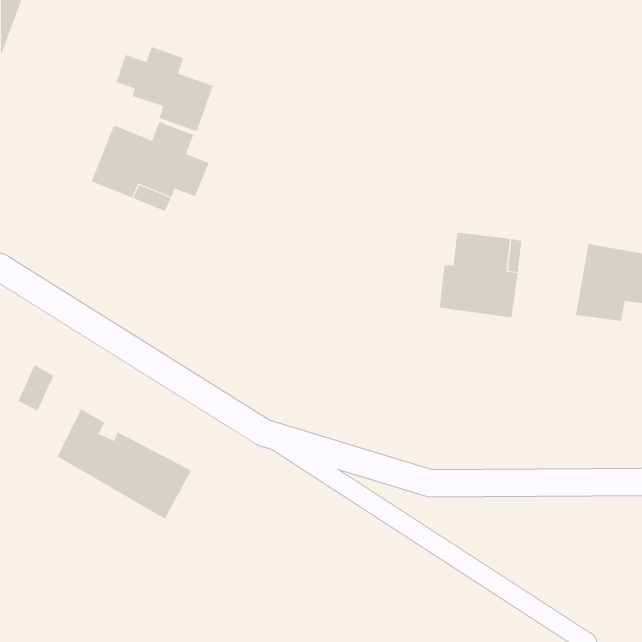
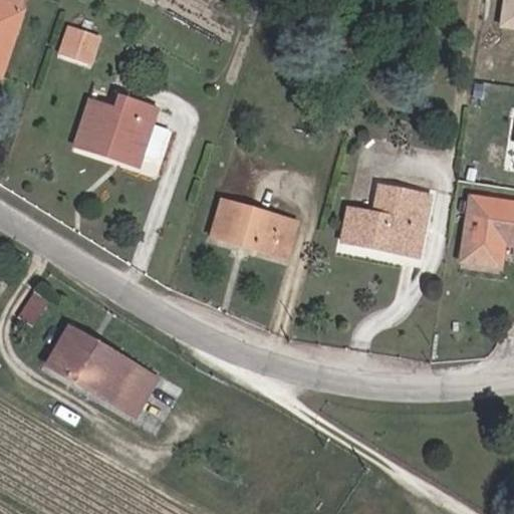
building: none -> [61,20,97,58]
building: [116,46,213,132] -> none
building: none -> [211,200,297,260]

